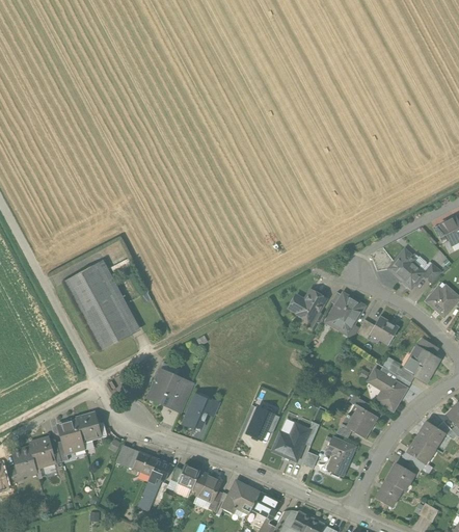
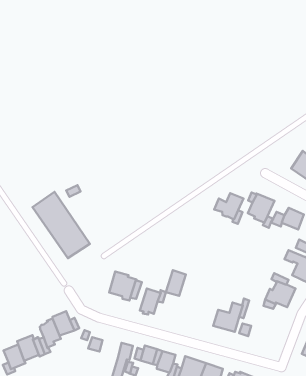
building: [246,406,273,438] -> [166,270,186,296]
building: [326,436,355,475] -> none
building: [132,450,158,475] -> none

